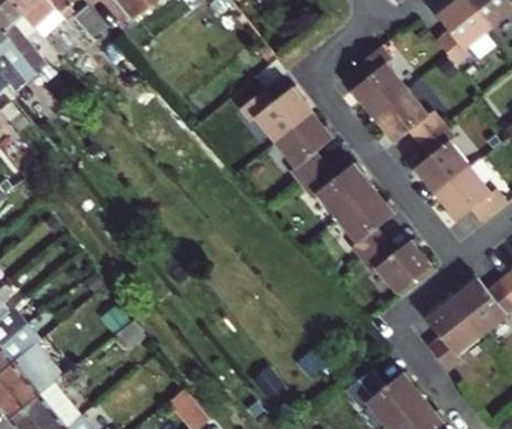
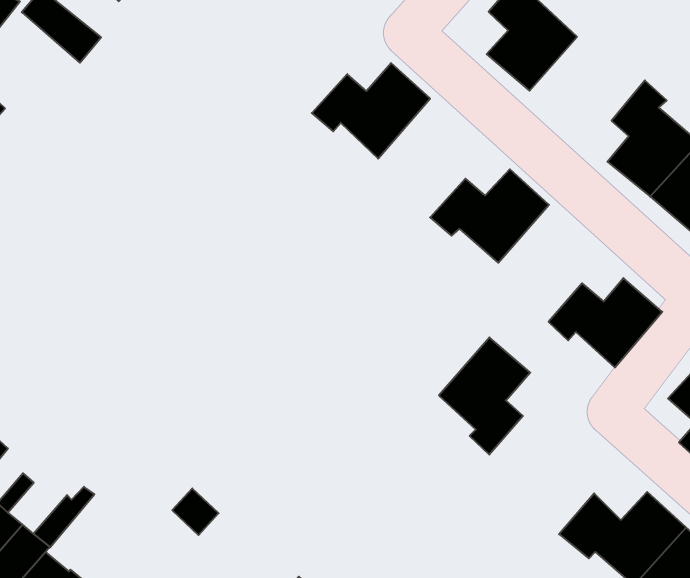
building: [373,90,443,144] -> none
building: [274,112,333,184] -> none
building: [336,188,394,259] -> [439,337,530,455]

